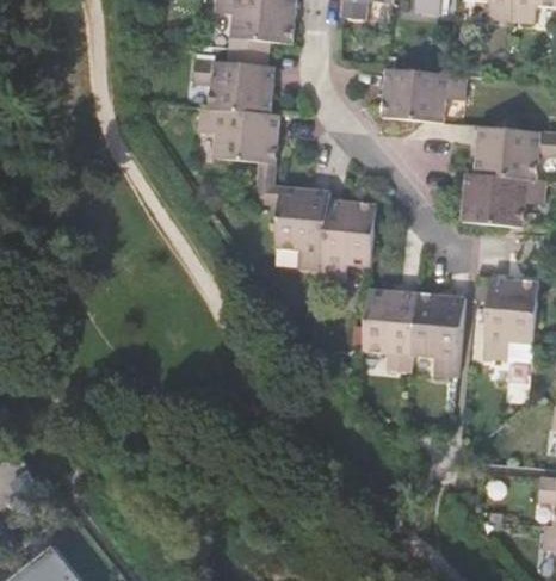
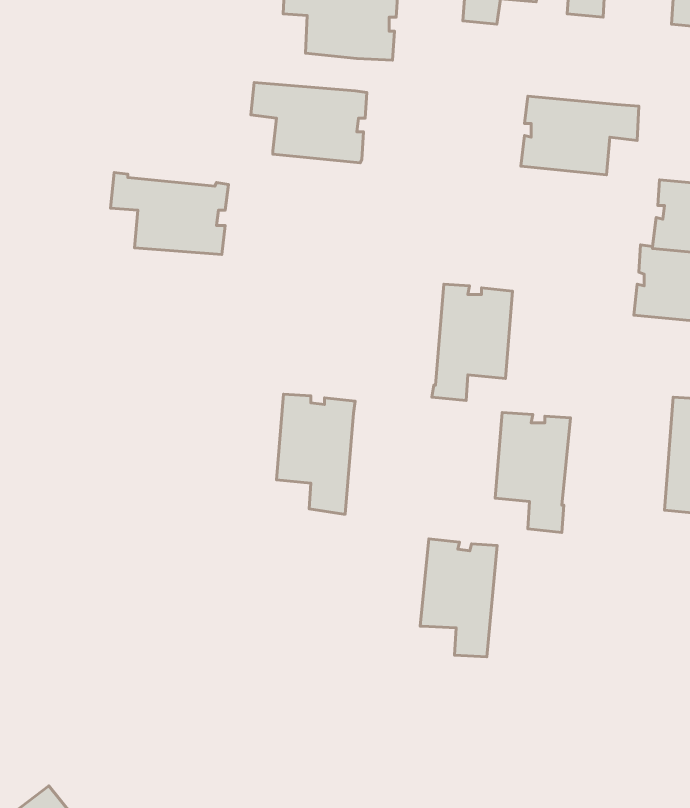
building: [197,105,279,162] -> [111,172,229,255]
building: [274,186,329,270] -> [277,394,355,514]
building: [410,292,464,375] -> [420,539,497,657]

